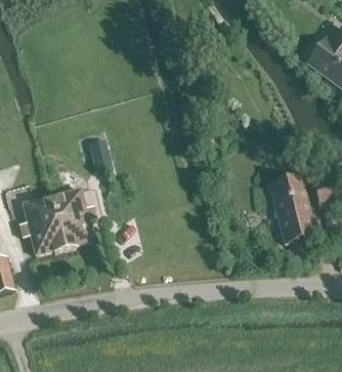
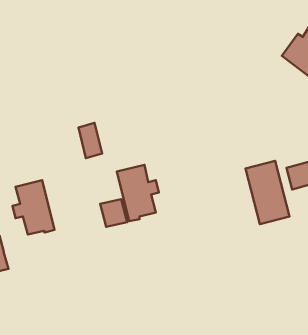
building: [50,188,95,248] -> [117,165,159,221]

